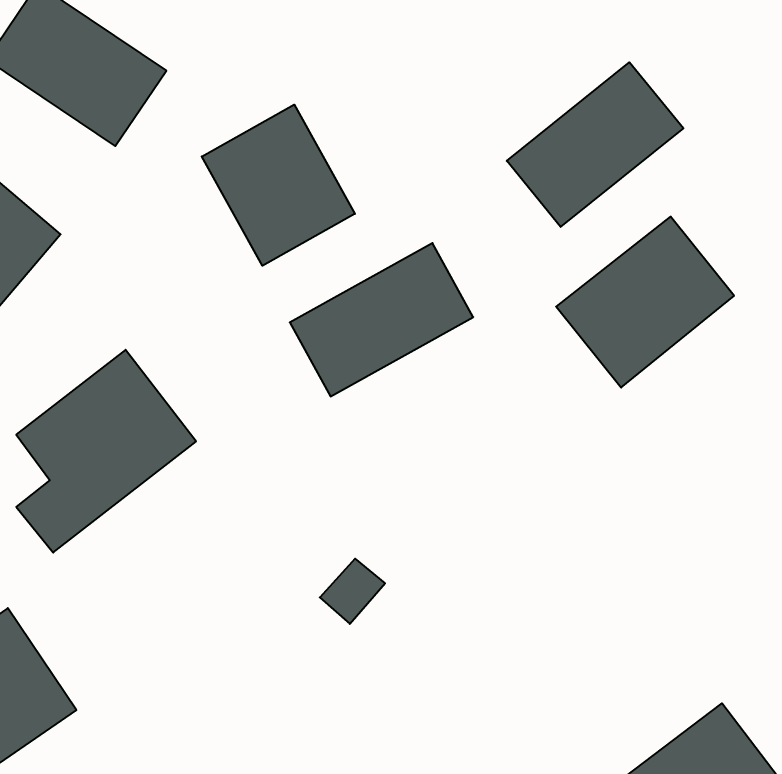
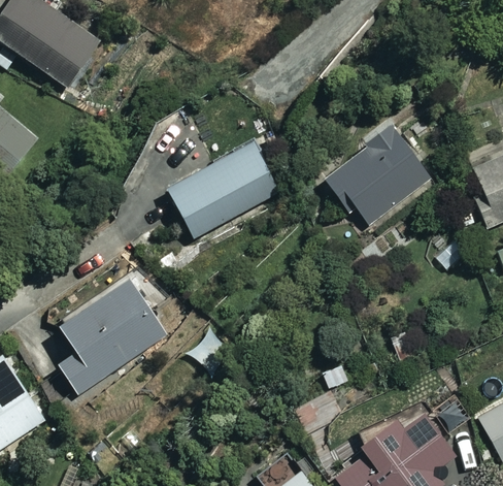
building: [507,62,683,227] -> none
building: [202,105,355,266] -> none
building: [16,350,196,553] -> [60,276,165,394]

